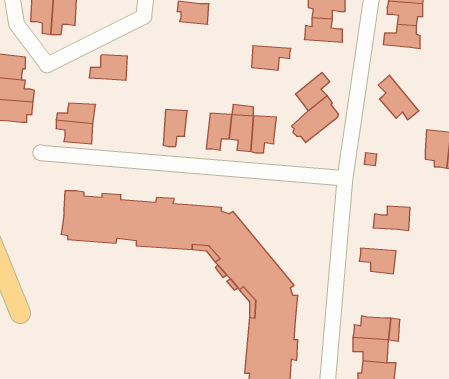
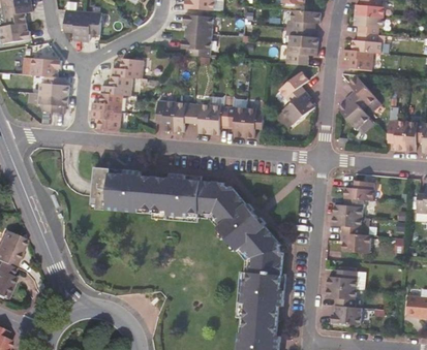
building: none -> [182,30,209,56]
building: none -> [343,49,373,69]
building: [252,46,291,70] -> [286,44,318,64]
building: none -> [96,74,127,98]
building: none -> [337,93,370,131]
building: none -> [156,100,175,130]
building: none -> [190,102,211,133]
building: none -> [333,197,363,216]
building: none -> [340,232,369,253]

